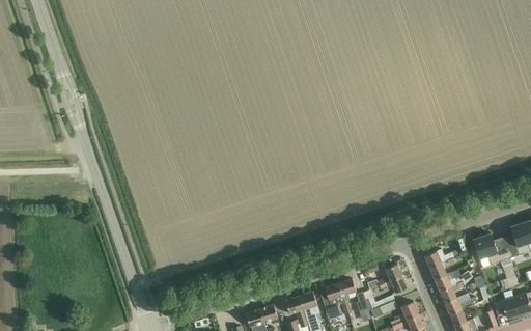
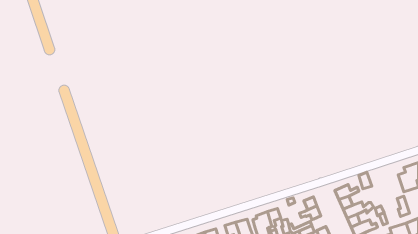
building: [474,233,511,268] -> none

